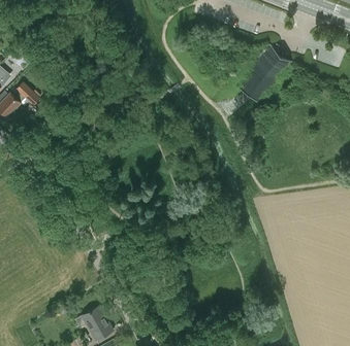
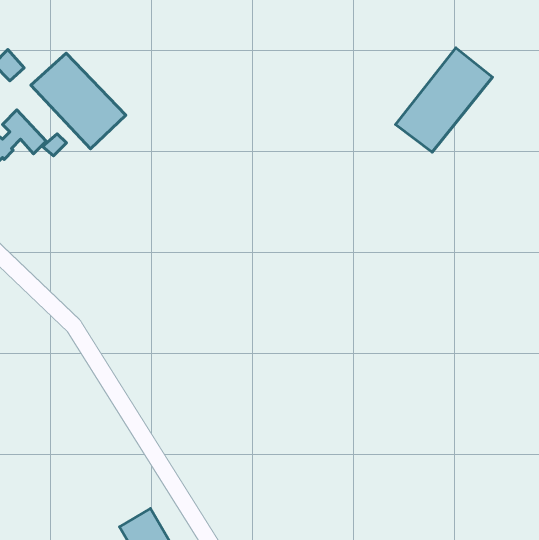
building: none -> [31,53,126,149]

